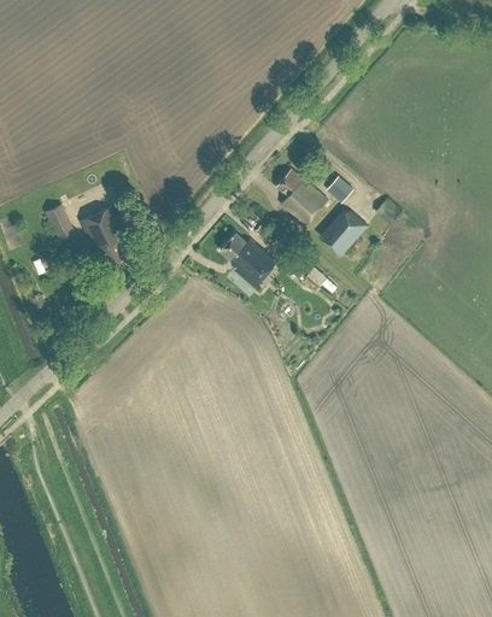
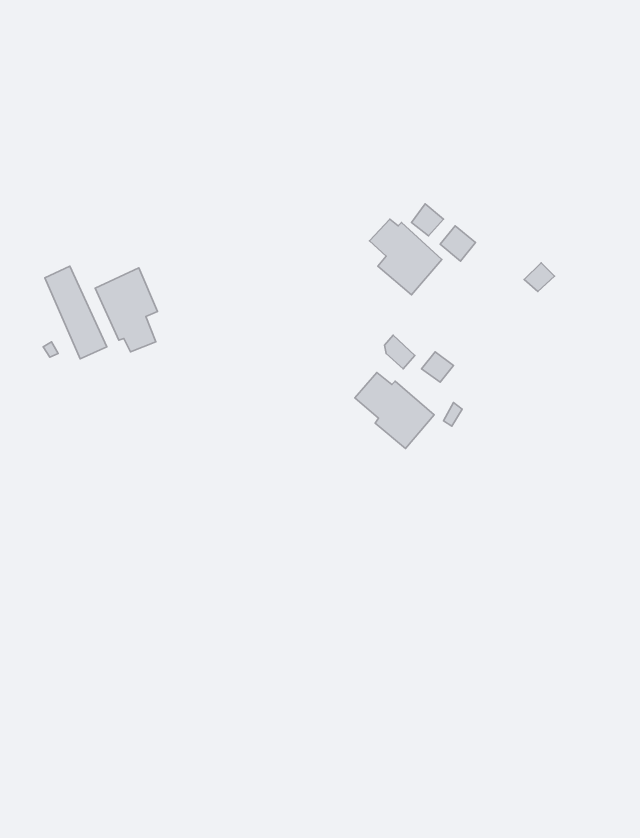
building: [318,207,368,257] -> none
building: [221,233,277,287] -> [355,373,434,448]

